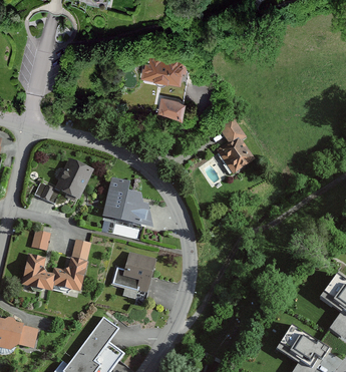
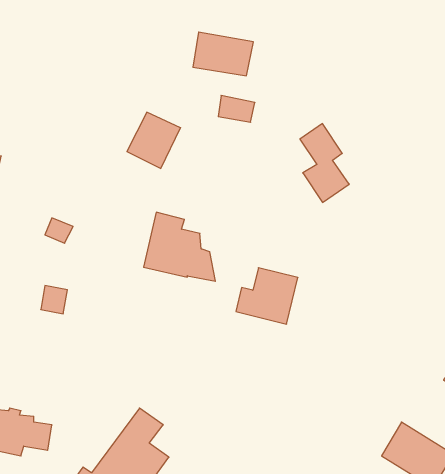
building: [56,158,94,199] -> [127,112,181,168]
building: [23,240,91,291] -> none
building: [113,253,157,293] -> [236,268,298,324]

